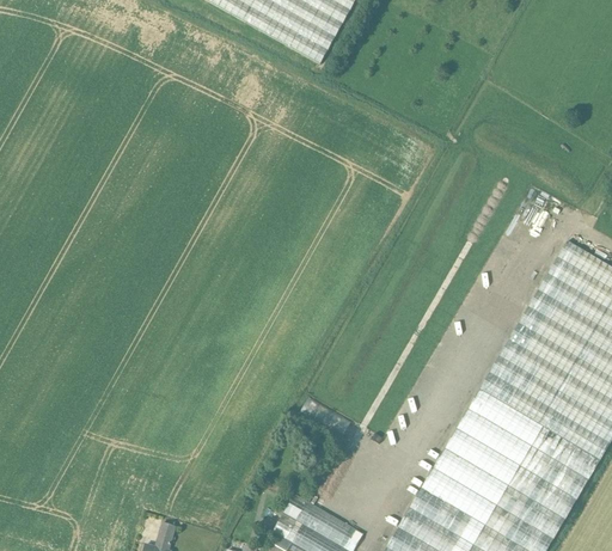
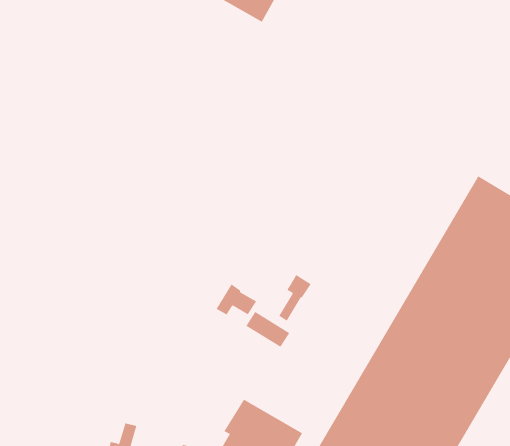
building: none -> [279,274,311,322]
building: none -> [216,283,257,315]

